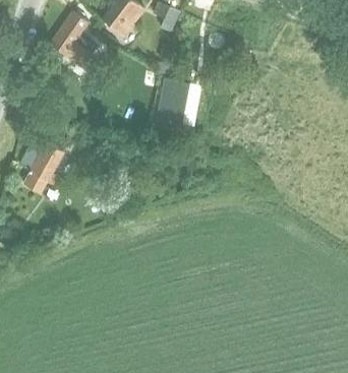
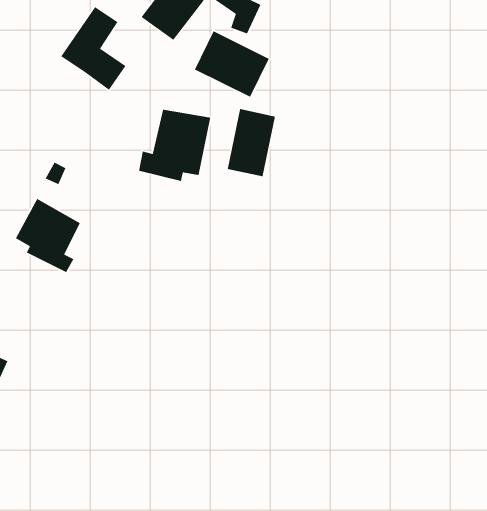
building: none -> [194,30,270,98]
building: none -> [138,109,211,182]

